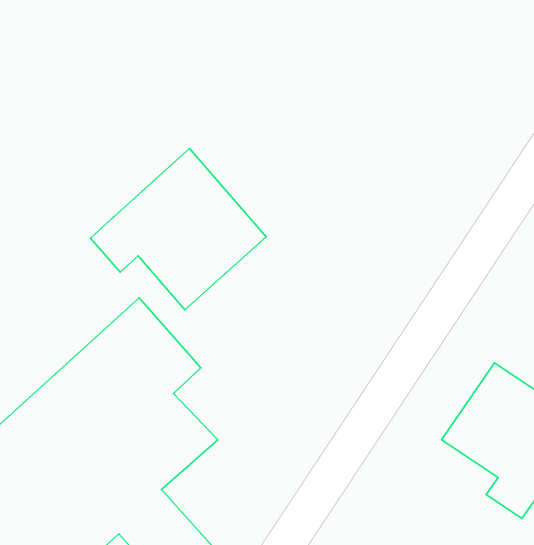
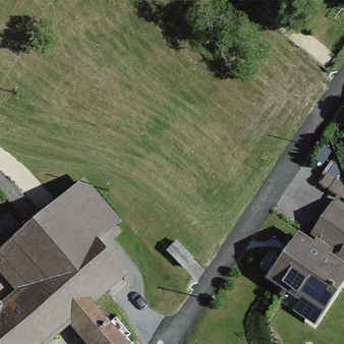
building: [90,149,266,310] -> none

